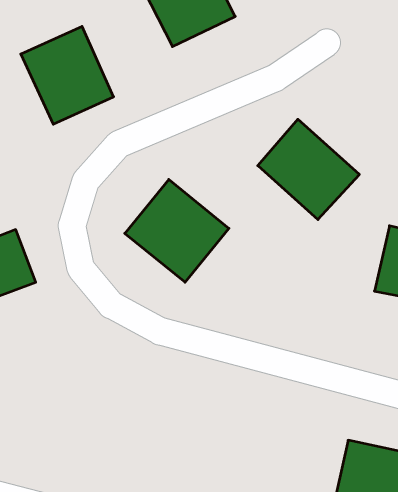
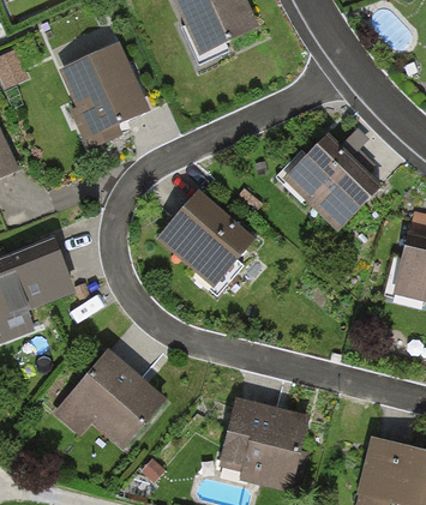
building: none -> [65,349,166,447]
building: none -> [221,398,310,482]

